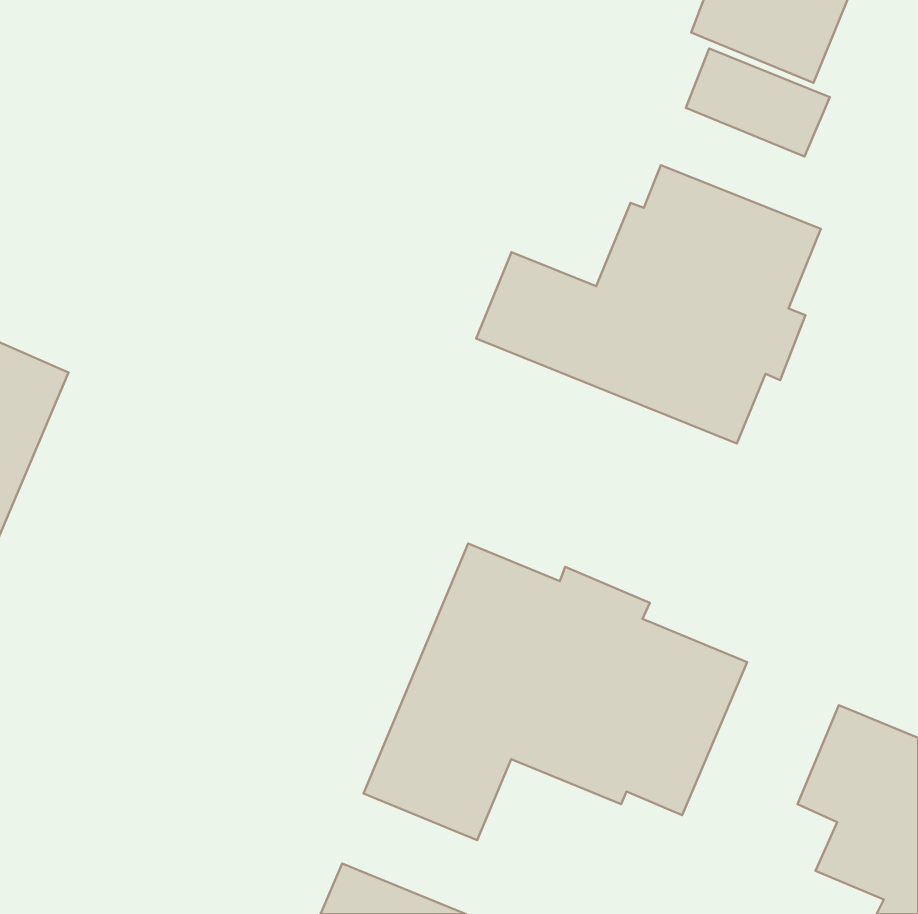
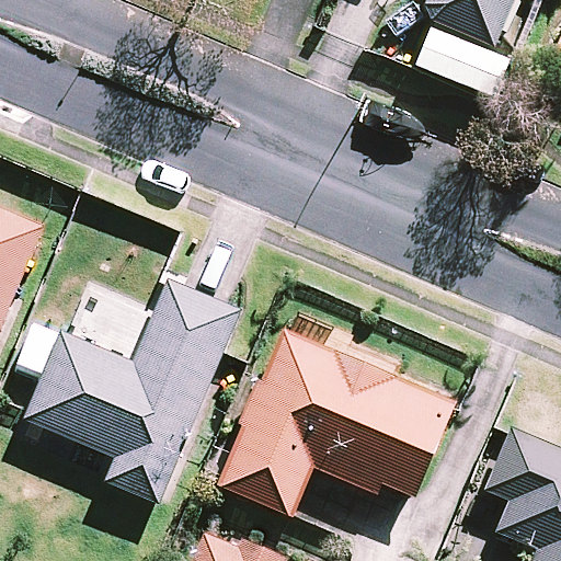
building: [476,165,821,444] -> none
building: none -> [26,280,239,502]

